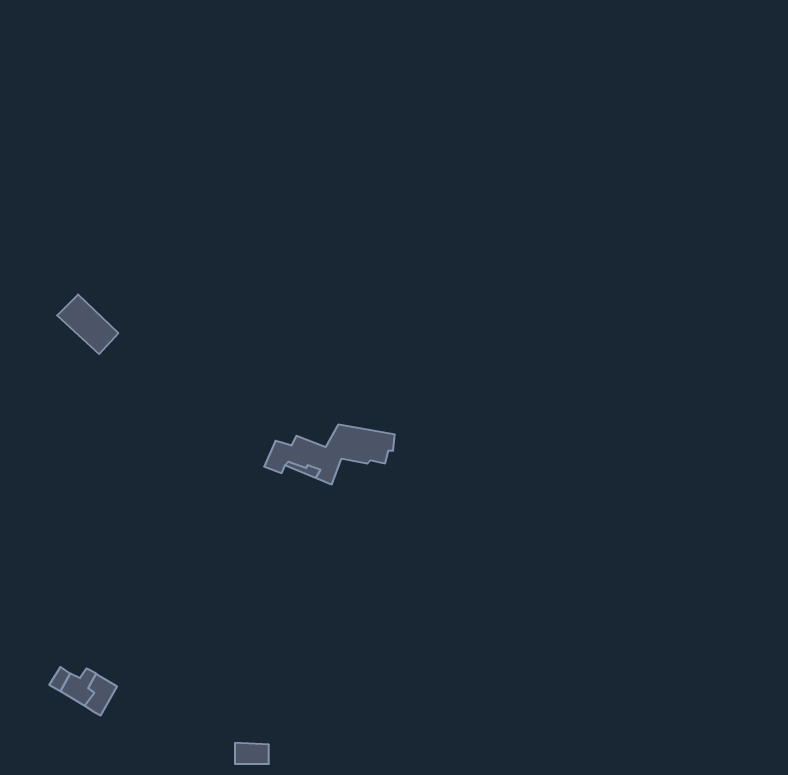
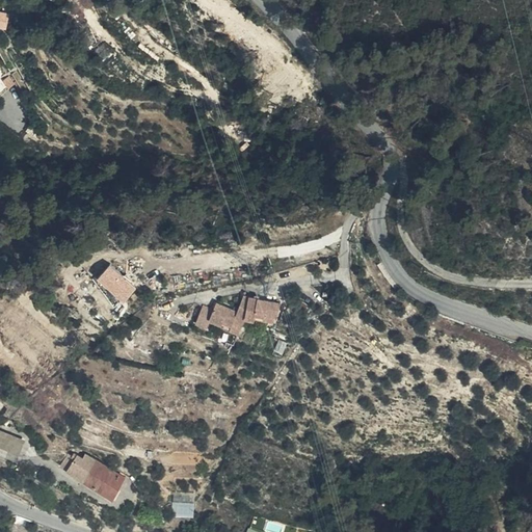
building: [57,294,118,354] -> [98,263,137,301]
building: none -> [86,458,118,494]

